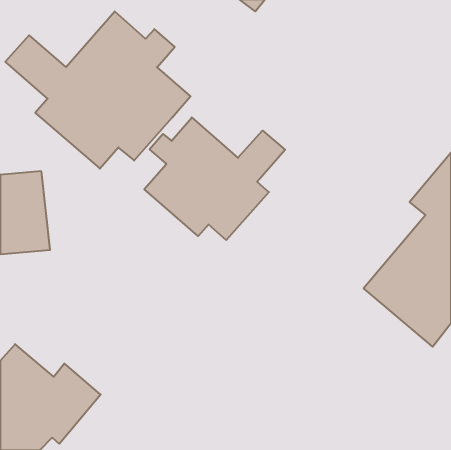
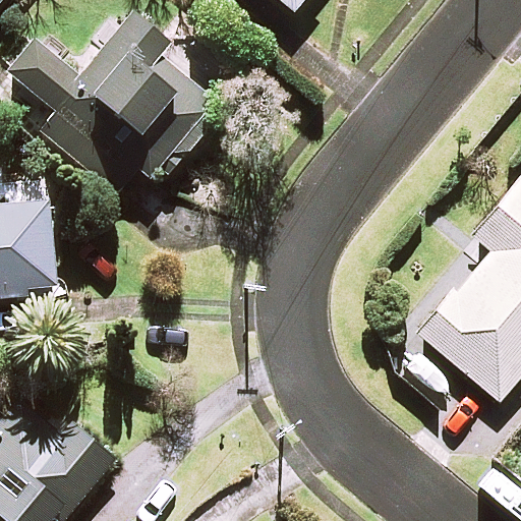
building: [144,117,285,240] -> none

